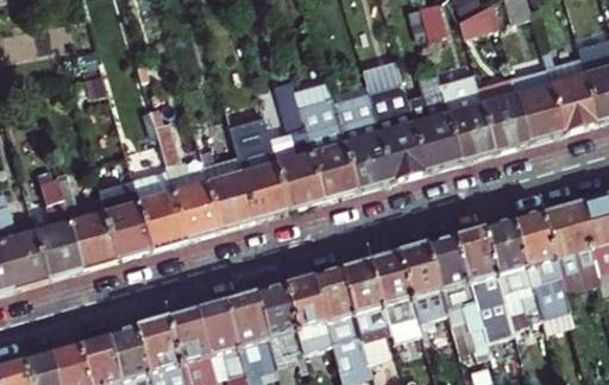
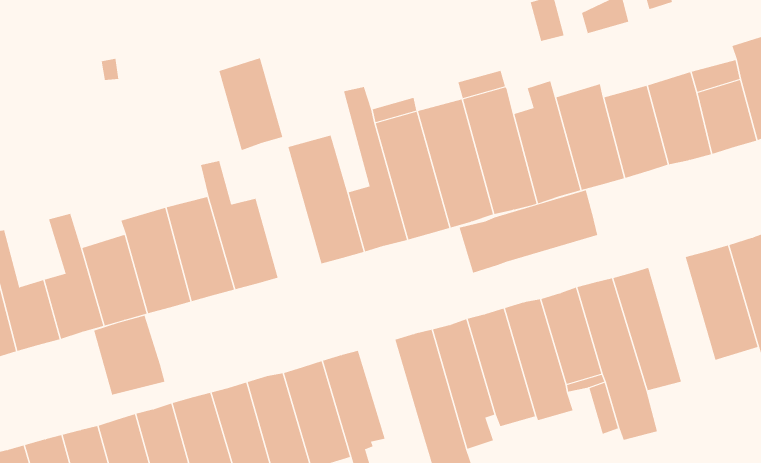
building: [203,154,255,228] -> [218,57,283,151]
building: none -> [459,190,598,273]
building: [514,212,579,347] -> none
building: none -> [93,315,165,396]
building: [284,277,333,355] -> none

